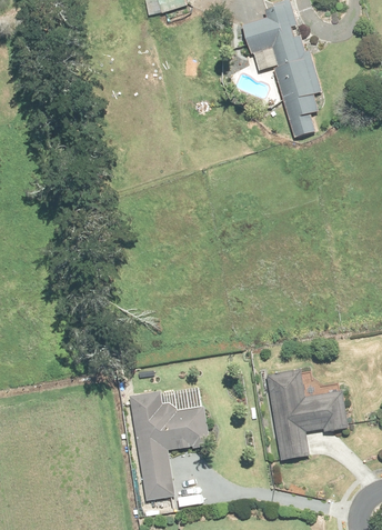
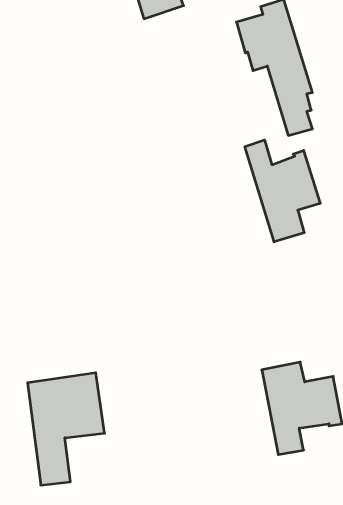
building: none -> [245,140,320,242]
building: [131,386,209,499] -> [28,373,105,485]

